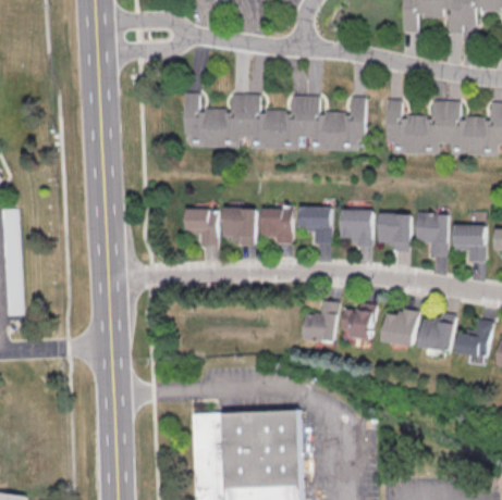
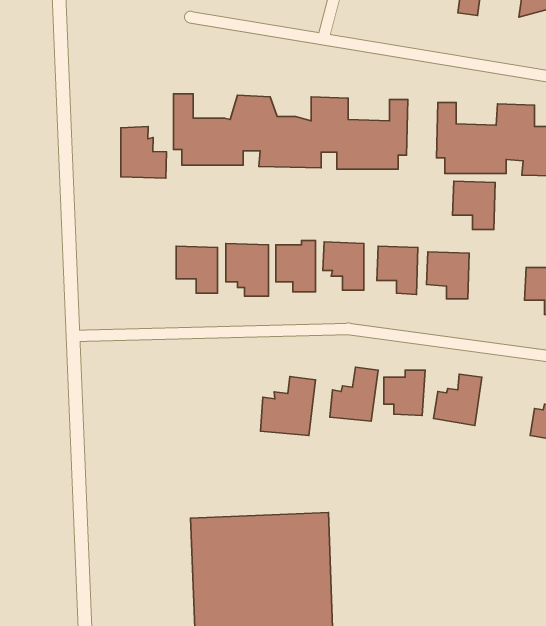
building: none -> [121,127,167,178]
building: [414,212,446,249] -> [453,181,495,229]
building: none -> [260,377,316,435]
building: [418,312,456,351] -> none

